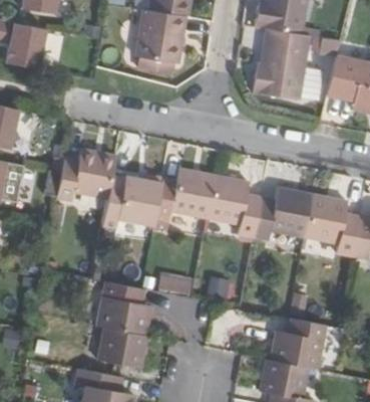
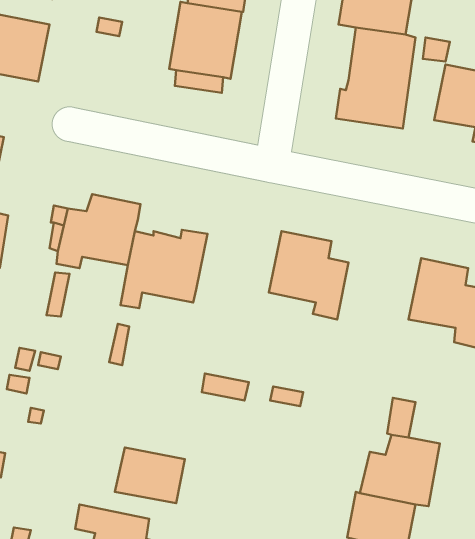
building: [154,168,215,219] -> none
building: [254,187,313,240] -> none
building: [95,282,152,336] -> none

